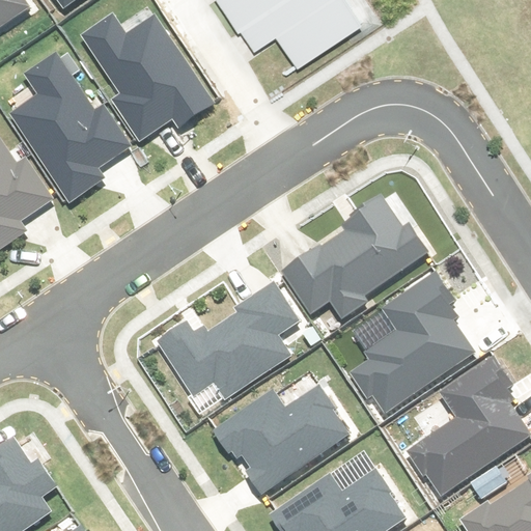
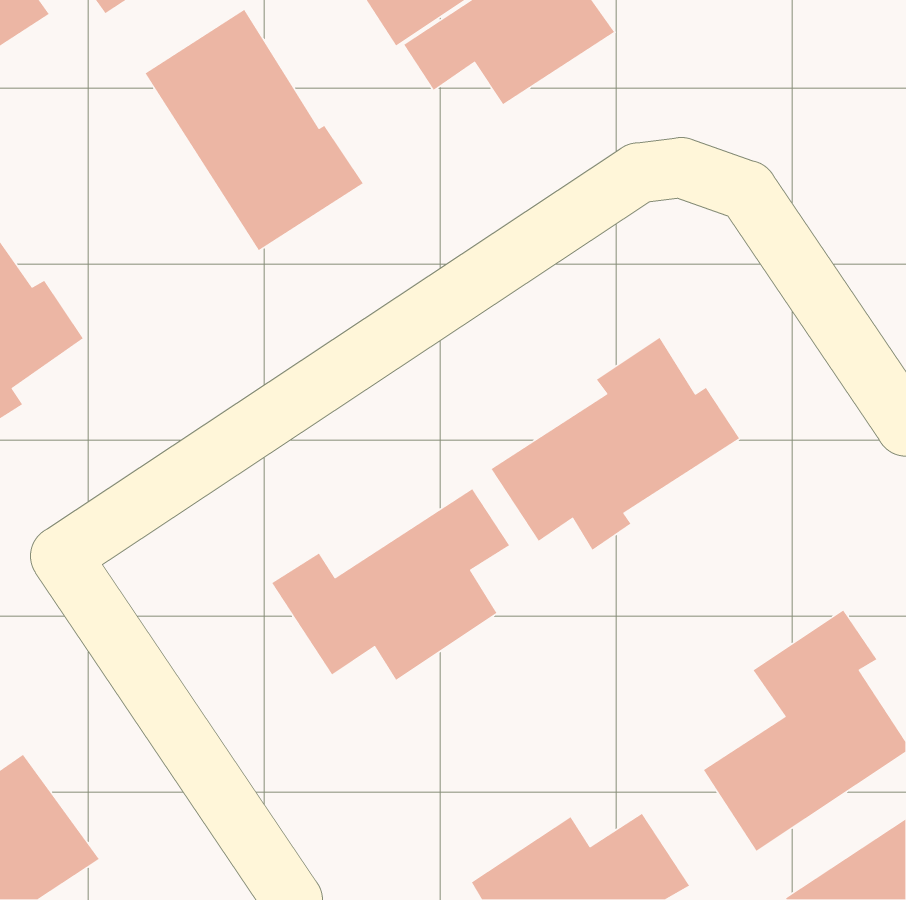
building: [20,58,127,194] -> none
building: [358,276,468,410] -> none
building: [216,390,344,490] -> none

